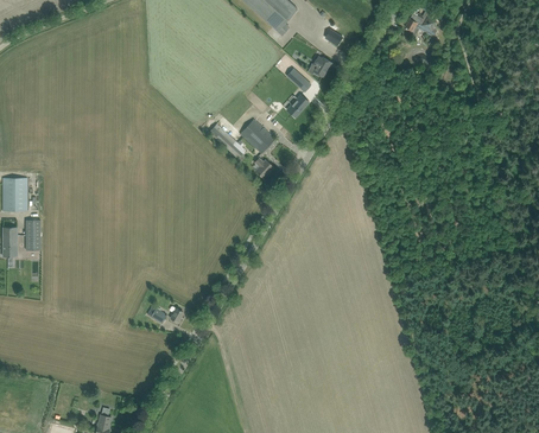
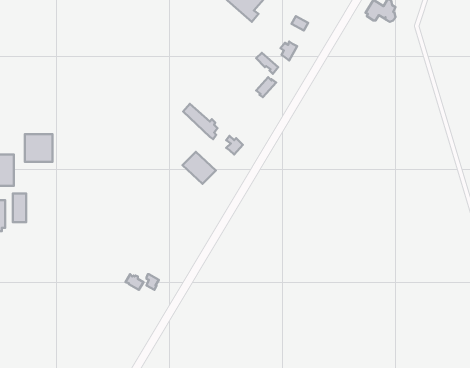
building: [239,119,274,153] -> [183,152,216,184]
building: none -> [25,134,53,162]

